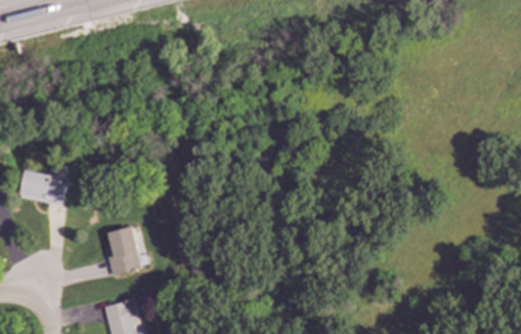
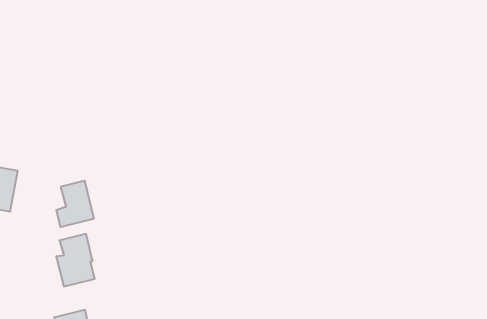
building: none -> [56,181,94,227]

